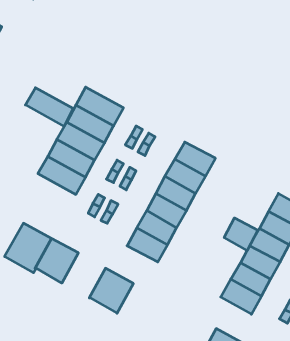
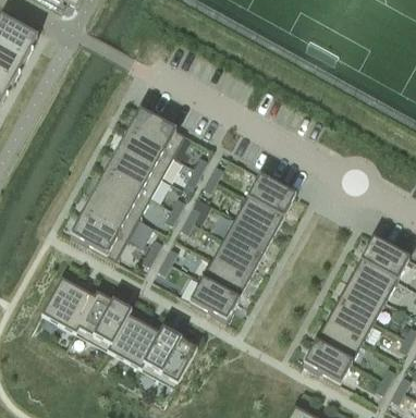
building: [25,88,73,126] -> [70,214,127,261]
building: [224,218,258,251] -> none
building: none -> [107,310,163,370]

